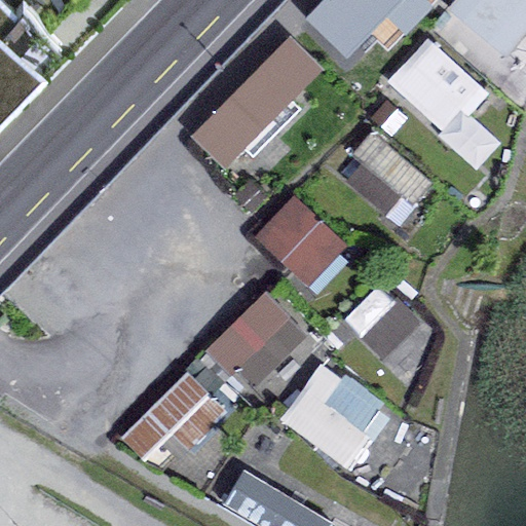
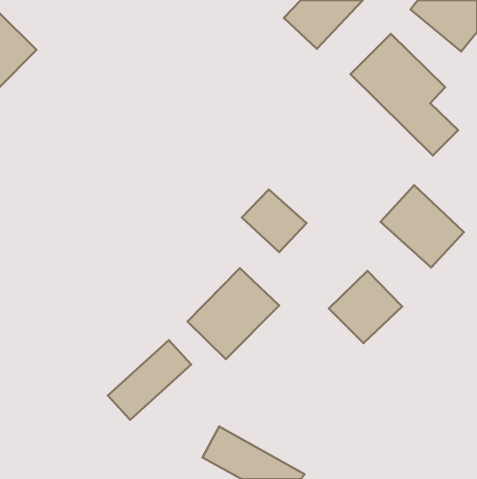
building: [188,34,327,177] -> none
building: [337,130,428,221] -> [380,185,464,268]
building: [283,367,388,467] -> none

